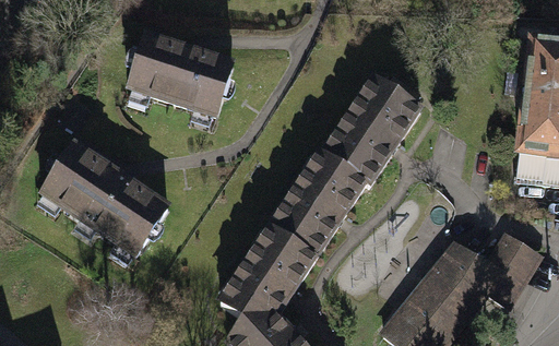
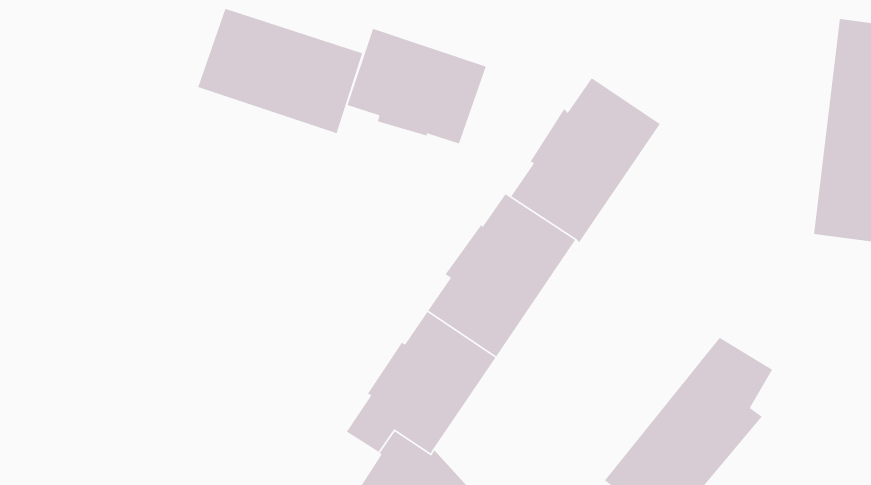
building: none -> [347,28,487,145]
building: [41,140,168,250] -> none
building: [477,231,536,299] -> none

